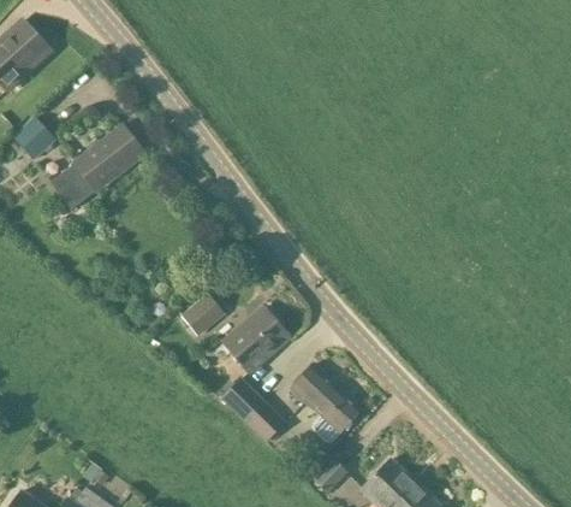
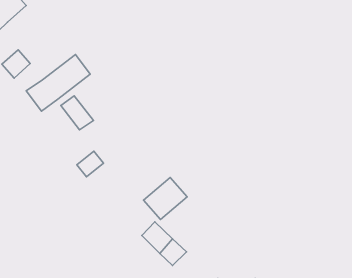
building: none -> [61,96,93,130]
building: [182,295,221,334] -> [77,151,103,177]
building: [291,365,361,442] -> none

